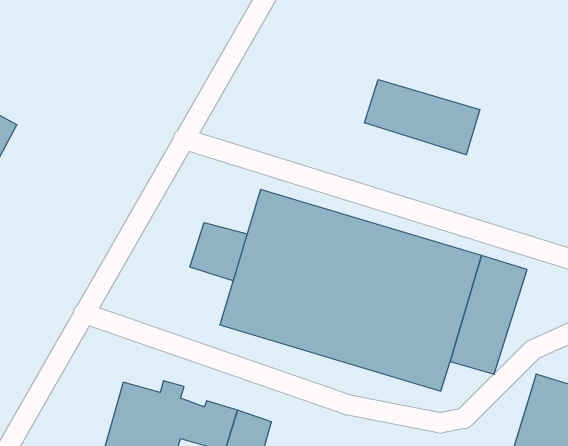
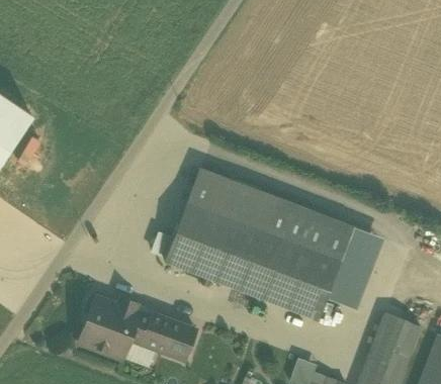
building: [364,80,480,155] -> none
building: [190,223,247,281] -> none

